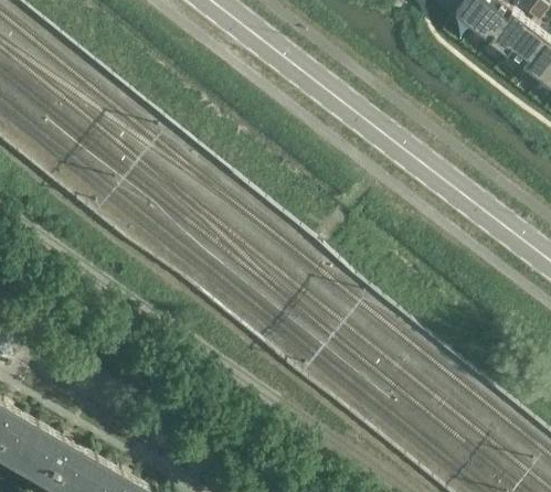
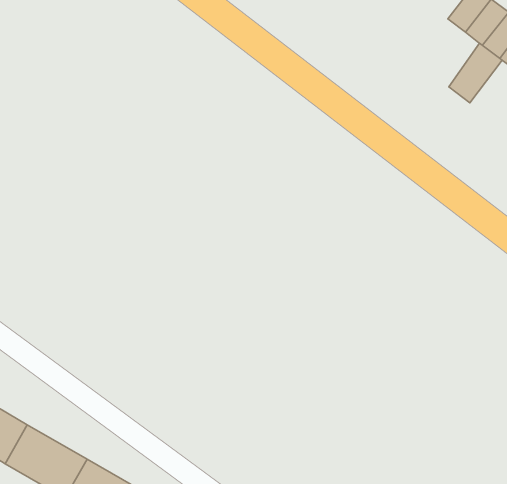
building: none -> [449,43,502,103]

